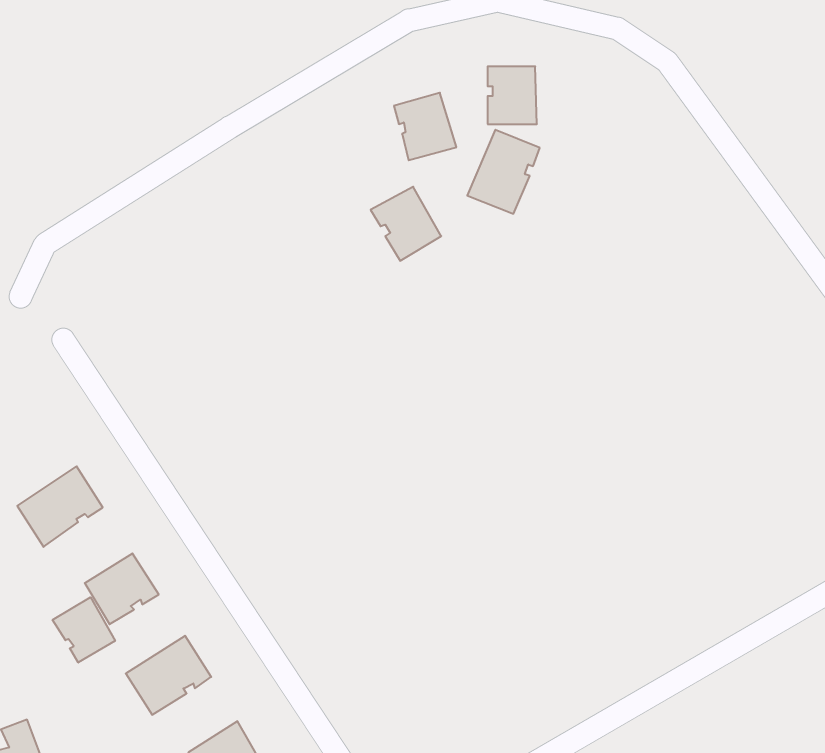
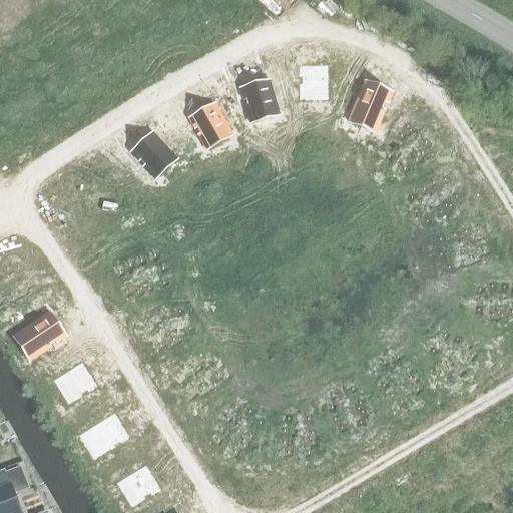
building: [467,130,540,214] -> [347,78,391,129]
building: none -> [130,129,176,175]
building: [371,187,441,261] -> [188,101,231,146]
building: [53,597,115,663] -> none

